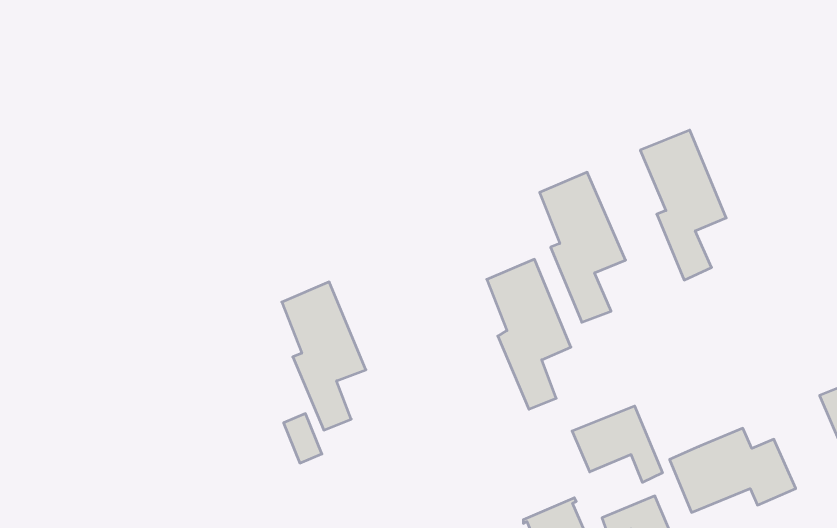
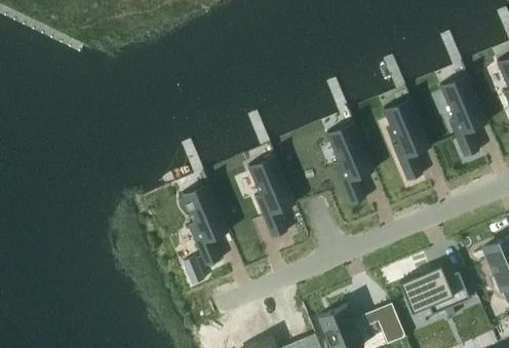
building: none -> [439,75,487,158]
building: [487,259,571,409] -> [248,155,296,239]
building: [572,406,662,482] -> none

